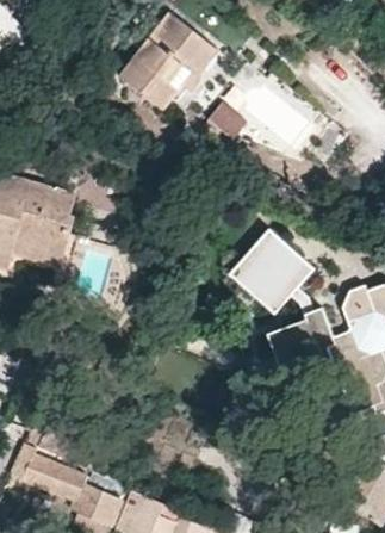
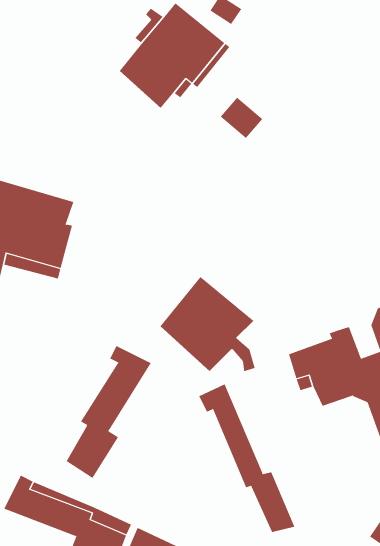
building: [229,228,316,315] -> [160,276,255,372]
building: none -> [66,345,152,479]
building: none -> [198,384,295,533]

